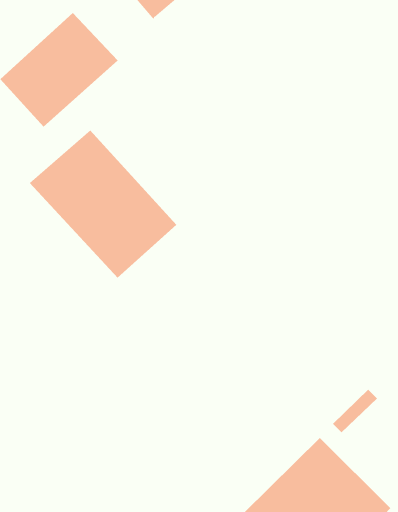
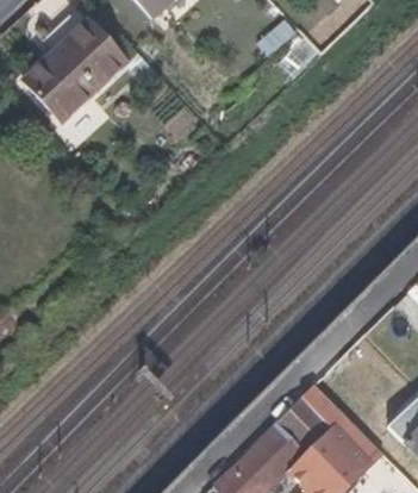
building: [29,129,177,279] -> none

